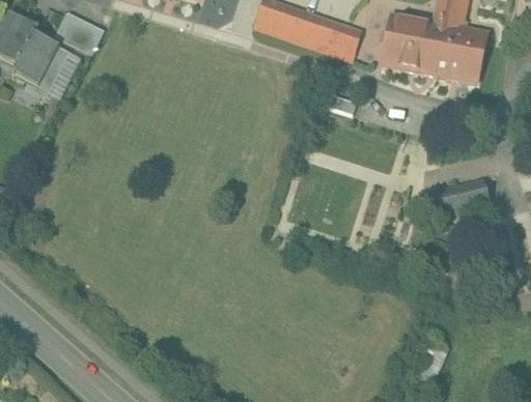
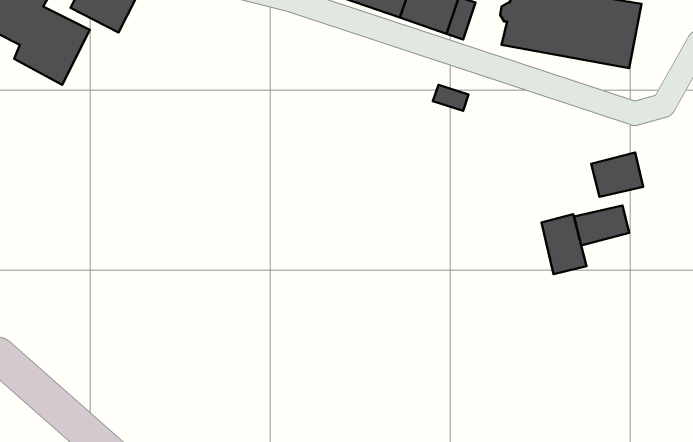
building: none -> [591,153,643,197]
building: none -> [541,214,586,274]

